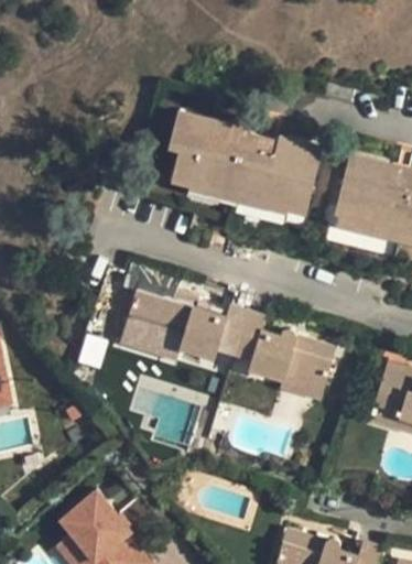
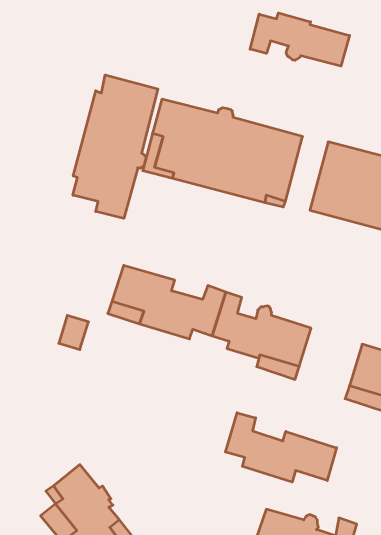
building: none -> [250,13,350,66]
building: none -> [73,75,158,218]
building: none -> [225,413,337,482]

